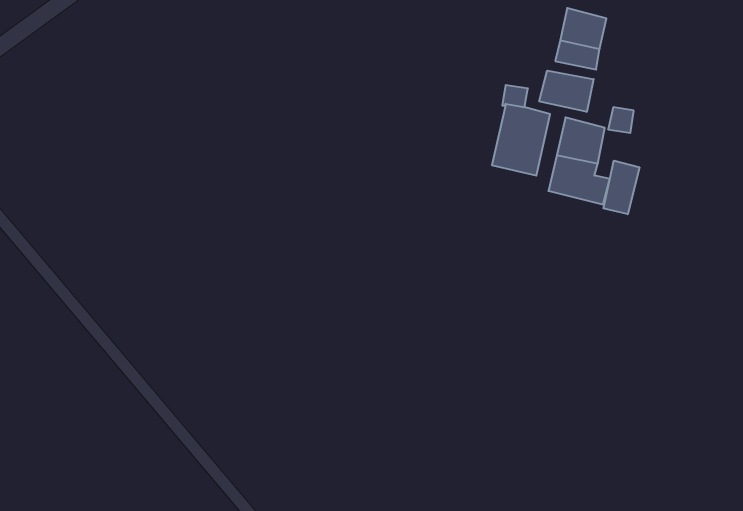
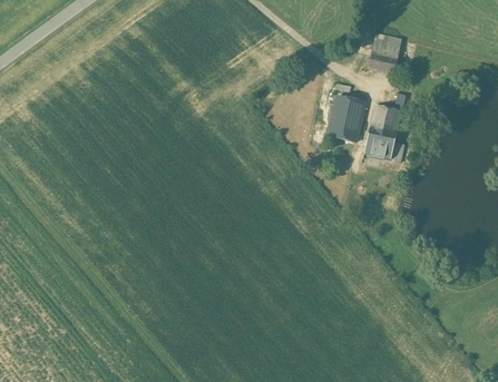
building: [539,71,594,112] -> none
building: [603,161,639,214] -> none

